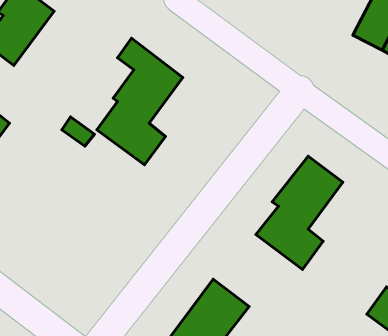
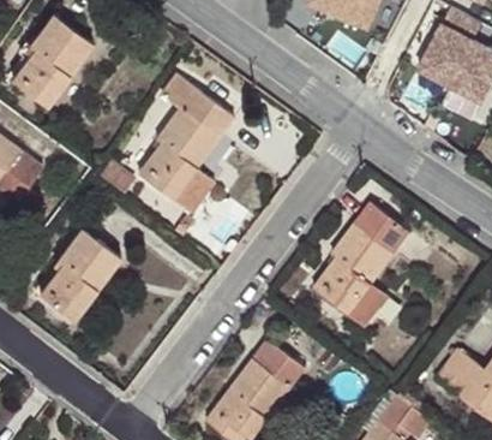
building: none -> [40,227,119,316]

